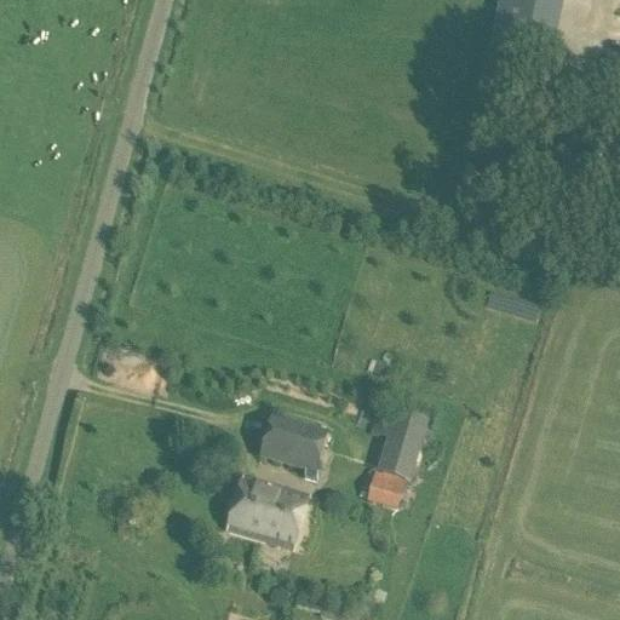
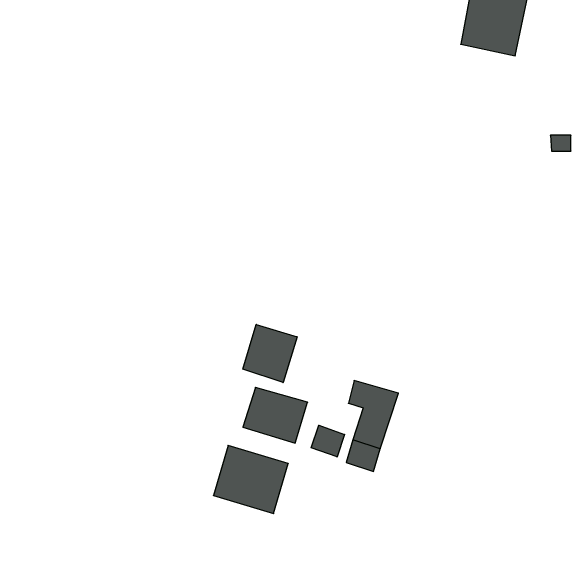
building: none -> [243,324,297,383]
building: none -> [311,425,345,457]

